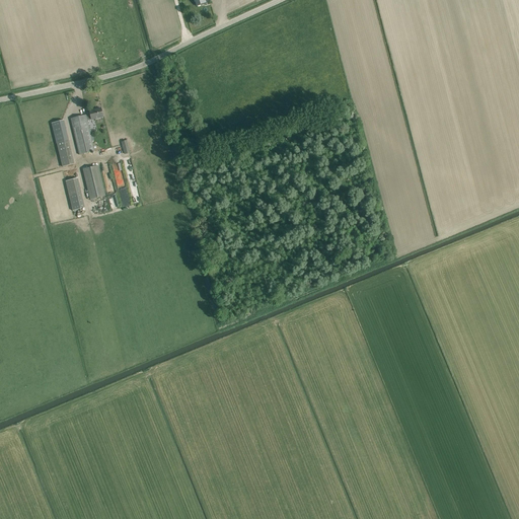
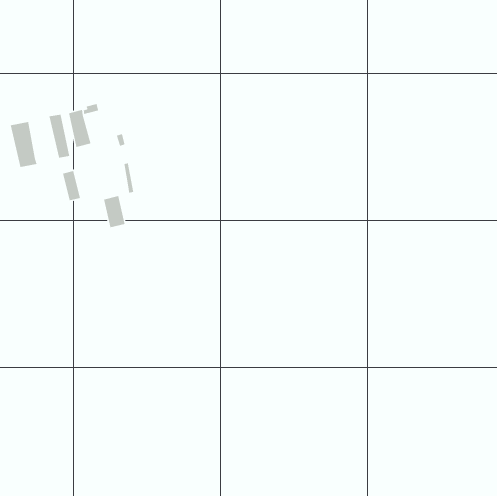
building: none -> [10,121,38,168]
building: [82,164,105,199] -> [103,195,126,228]

